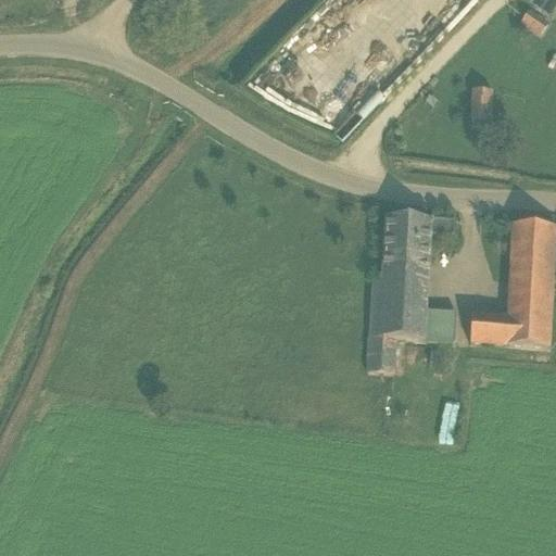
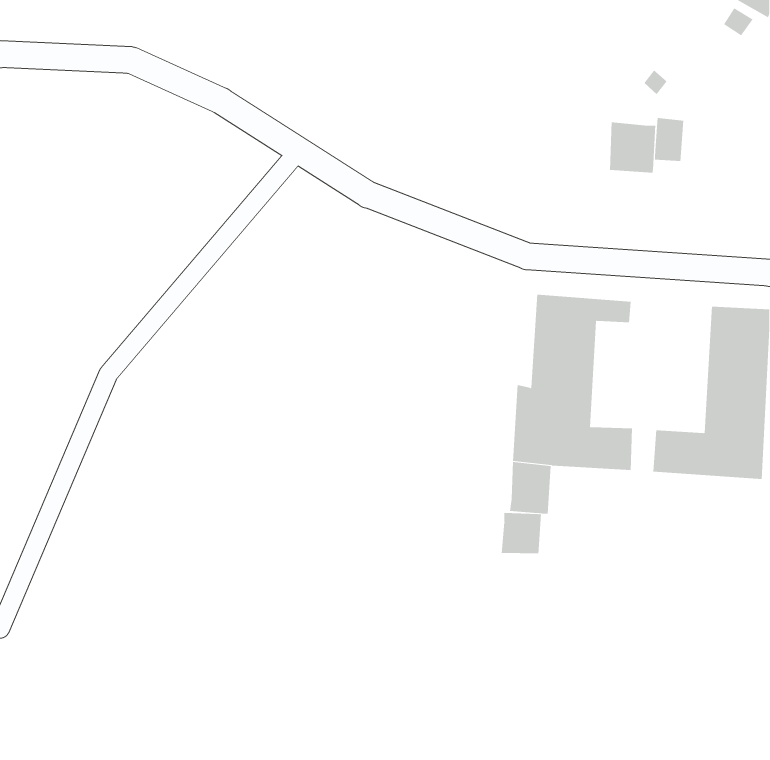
building: none -> [610,122,656,174]
building: none -> [501,512,541,554]

